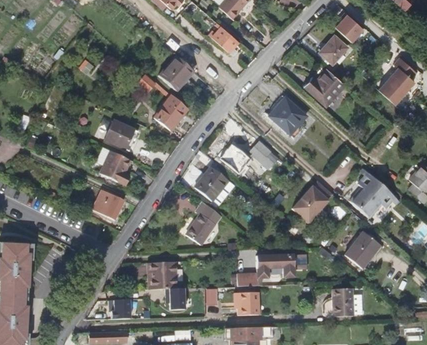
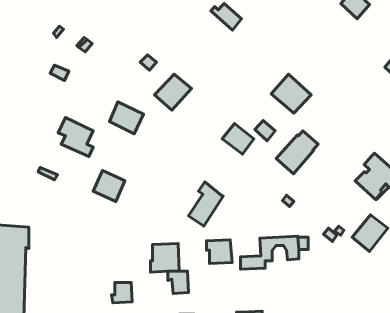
building: [319,35,347,64] -> none
building: [160,57,194,89] -> none
building: [303,68,344,105] -> none
building: [97,147,131,185] -> [58,118,93,156]
building: [194,167,228,201] -> none
building: [292,181,333,223] -> [276,131,318,174]
building: [332,288,353,316] -> none
building: [234,292,259,315] -> [206,240,232,263]

